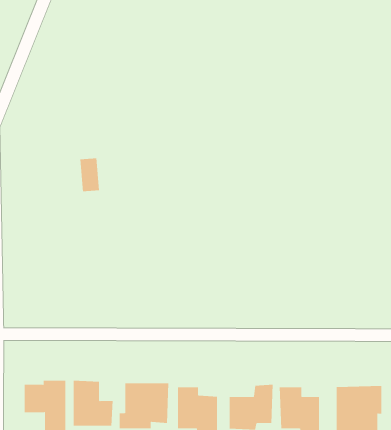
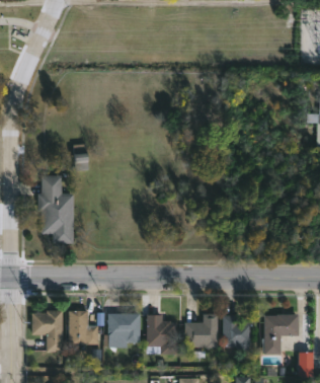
building: none -> [36,175,74,243]

